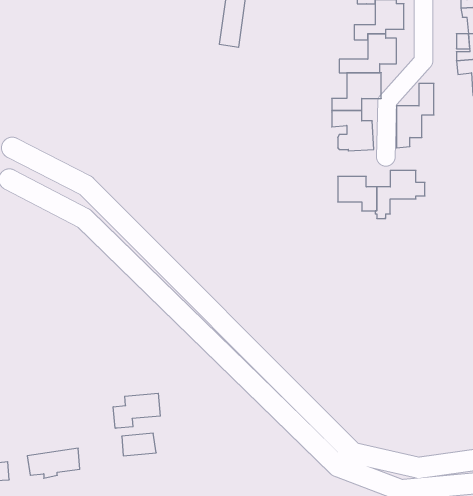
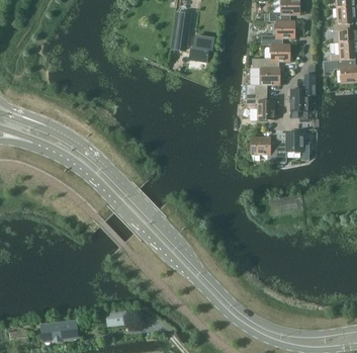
building: none -> [190,35,213,61]
building: [113,393,160,428] -> none

